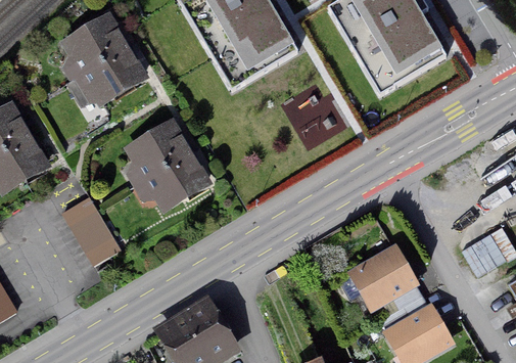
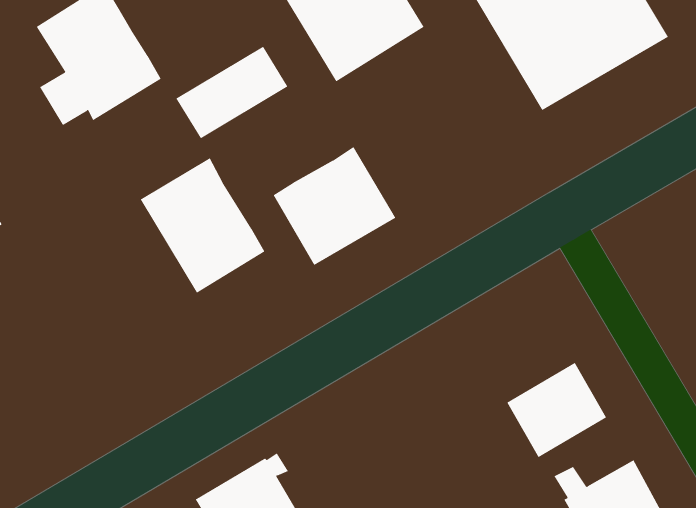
building: none -> [176,46,288,139]
building: none -> [273,146,396,266]
building: [62,198,121,267] -> none

